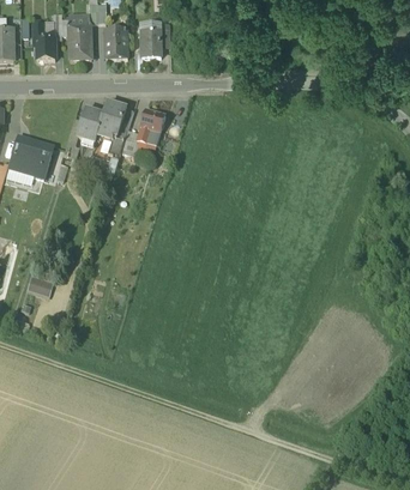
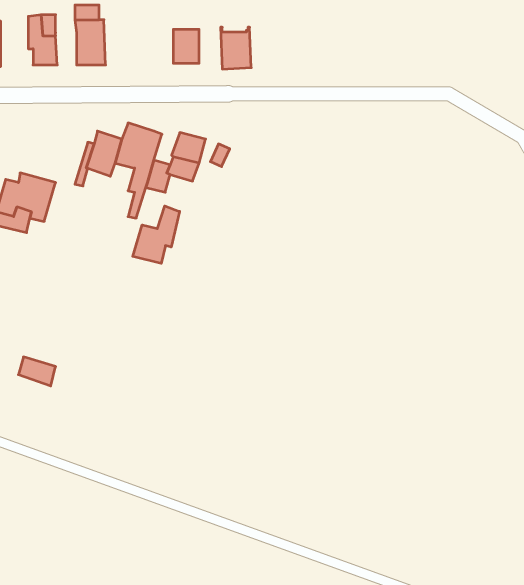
building: [105,26,128,58] -> [221,27,251,69]
building: none -> [133,206,180,263]

